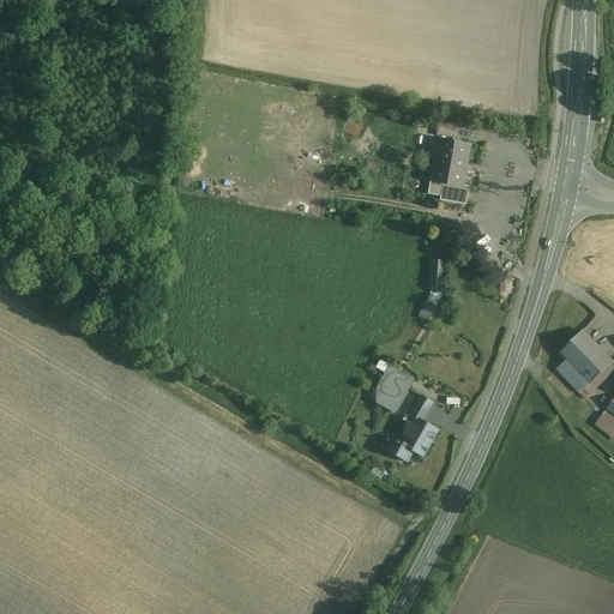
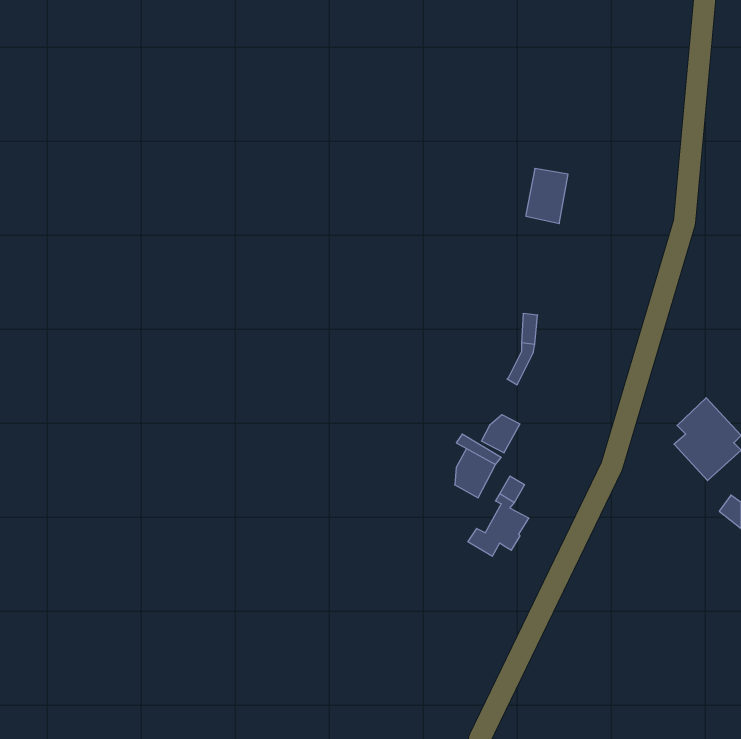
building: [427,177,469,204] -> none
building: none -> [481,415,520,453]

